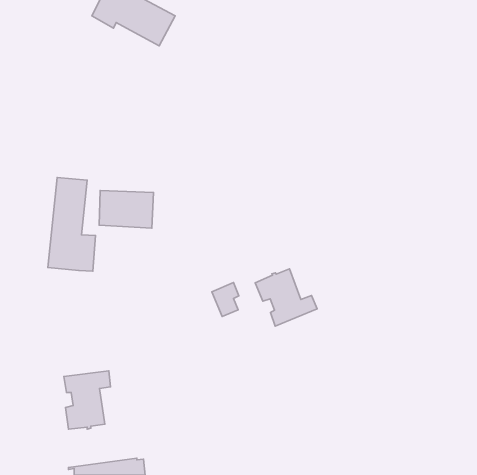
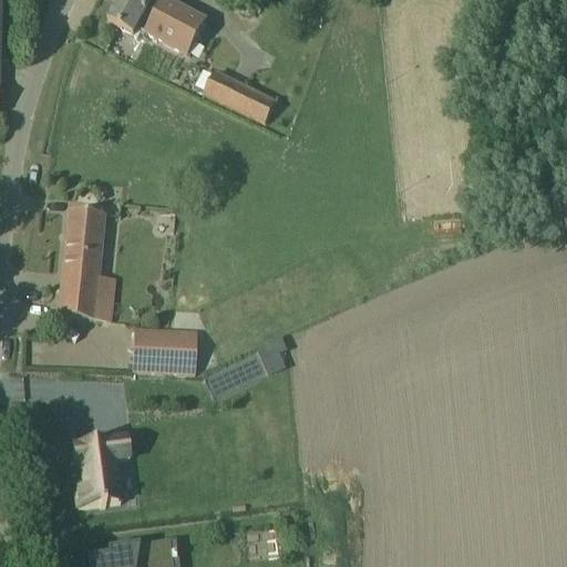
building: none -> [205,69,280,123]
building: [99,191,154,228] -> [134,329,198,373]
building: [255,269,317,326] -> none

